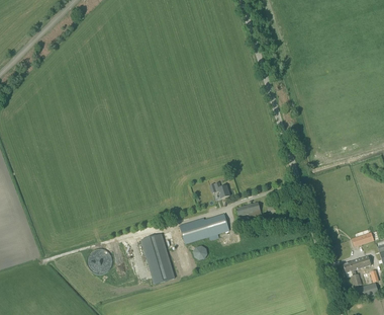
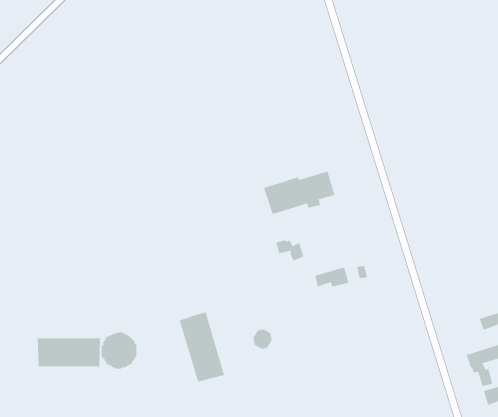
building: [179,213,229,243] -> [263,171,335,214]
building: none -> [37,337,101,367]

